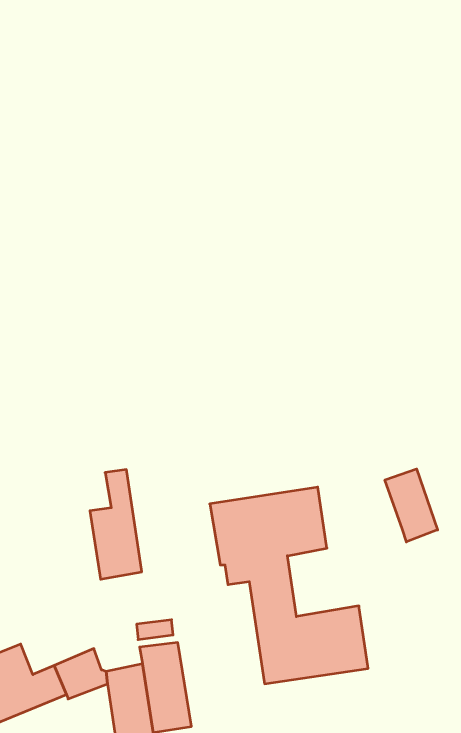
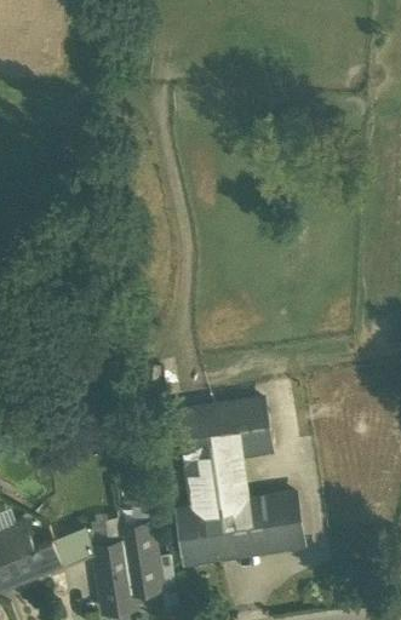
building: [385,469,438,542] -> none
building: [90,470,142,579] -> [181,476,222,563]

